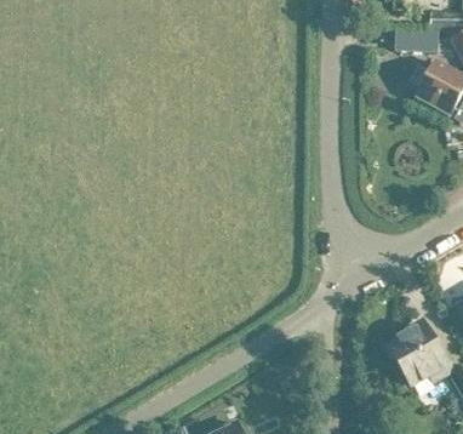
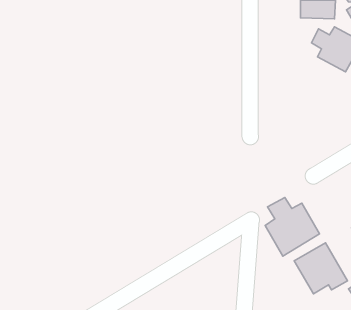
building: none -> [265,197,320,256]

